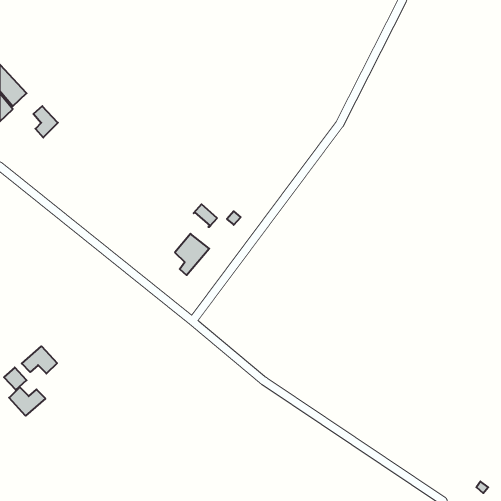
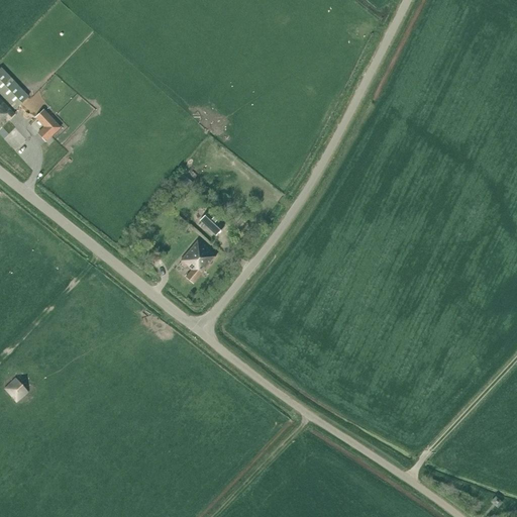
building: [22,346,57,374] -> none
building: [9,387,45,416] -> none

